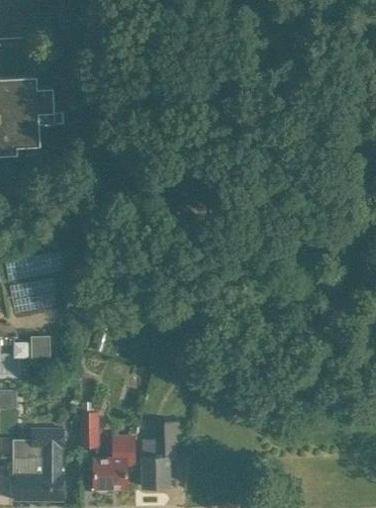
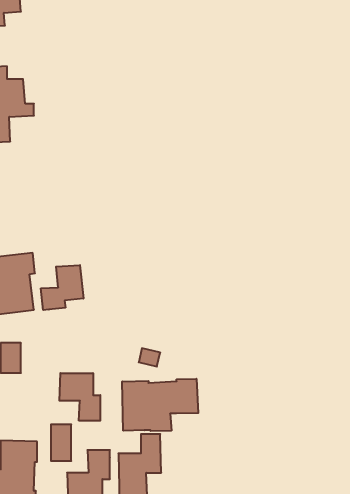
building: none -> [41,265,83,310]
building: none -> [59,373,100,421]
building: none -> [122,379,198,431]

